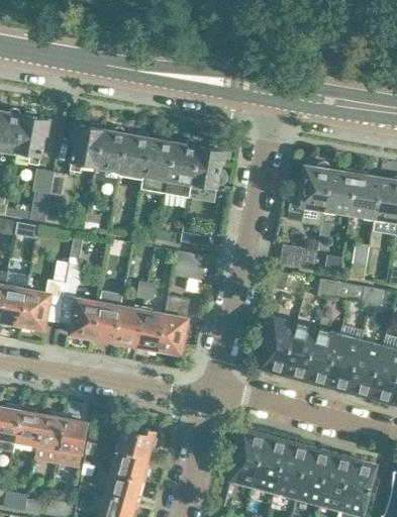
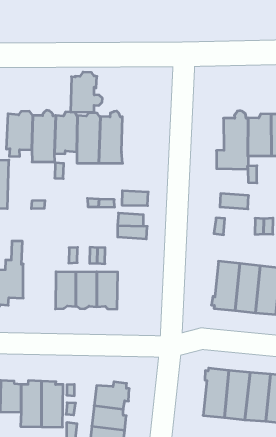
building: [191,144,227,189] -> [71,72,102,112]
building: [61,263,100,340] -> none
building: [159,295,190,353] -> none

